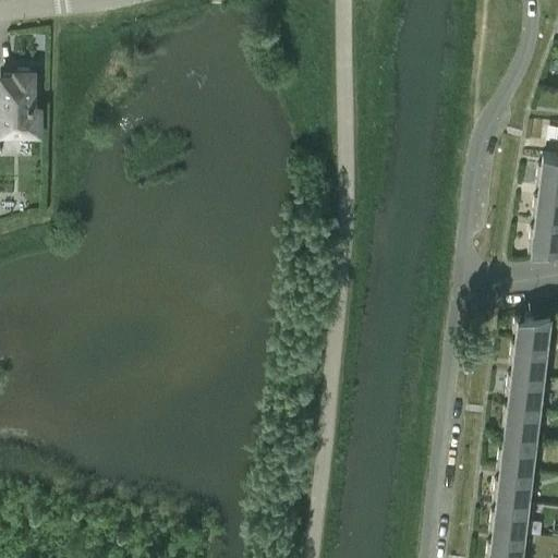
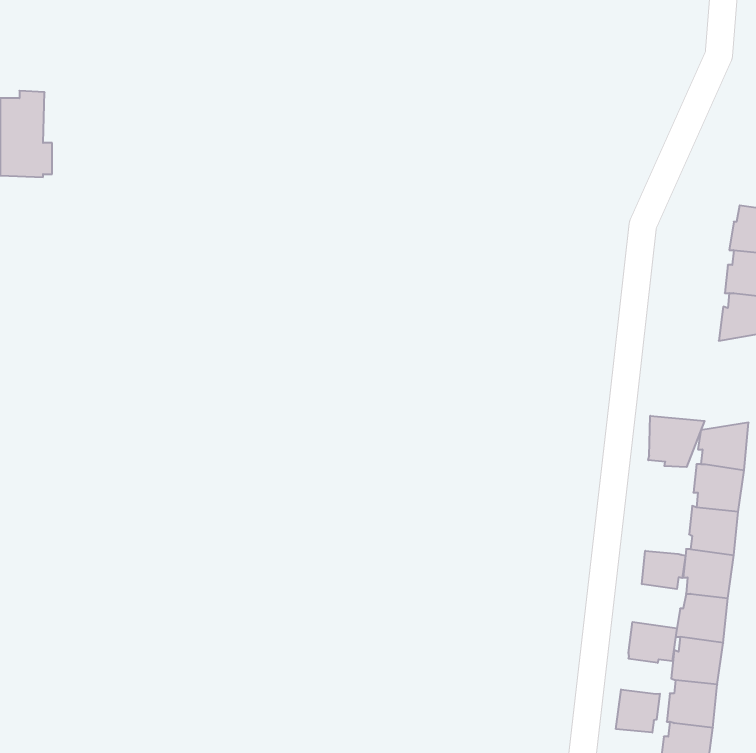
building: none -> [648,416,705,467]
building: none -> [642,551,685,589]
building: none -> [629,622,677,663]
building: none -> [616,689,660,733]

